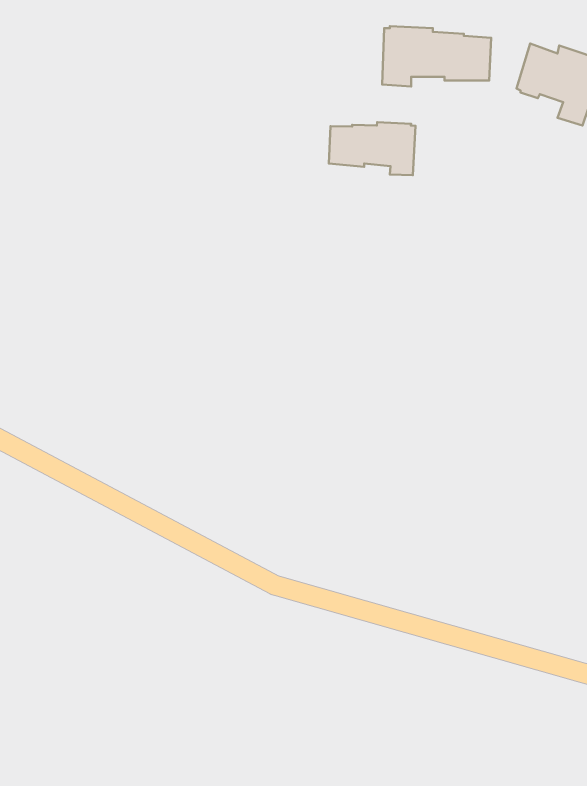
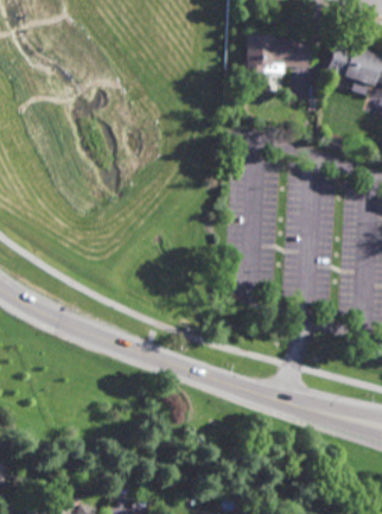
building: [329,122,416,175] -> none

